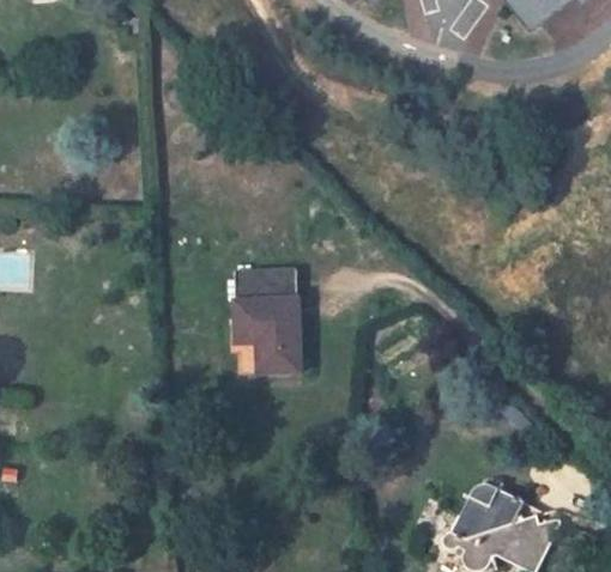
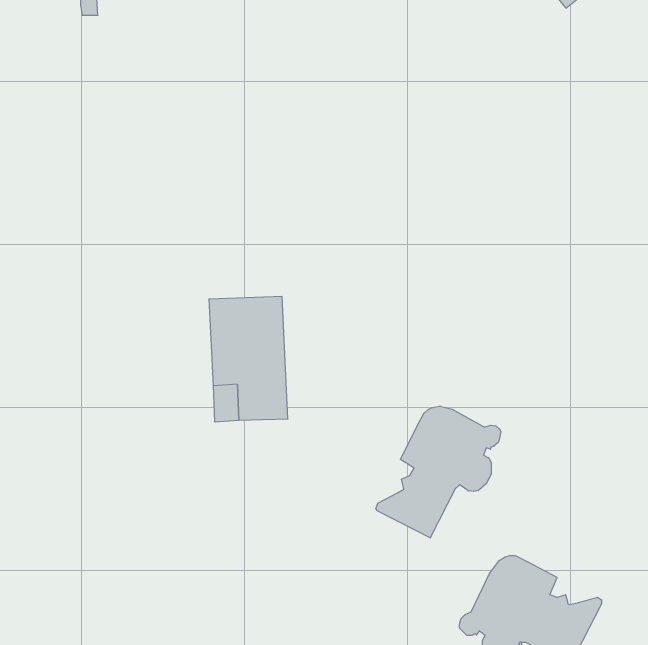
building: none -> [376,406,501,538]

